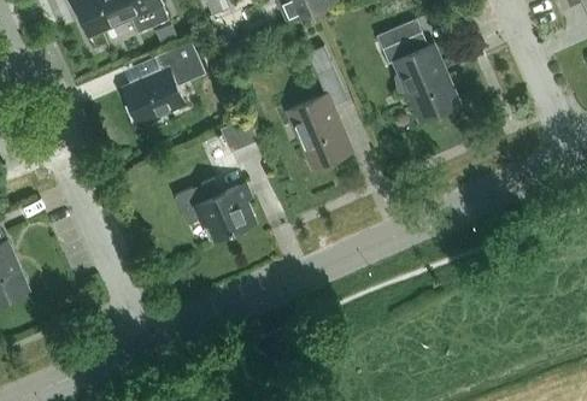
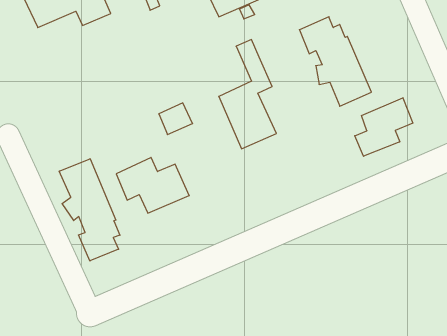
building: [122,41,205,124] -> none
building: none -> [355,98,413,156]
building: none -> [59,159,120,261]

